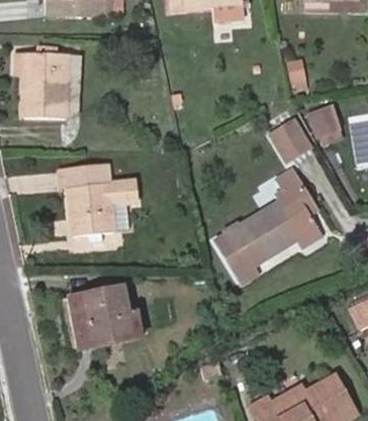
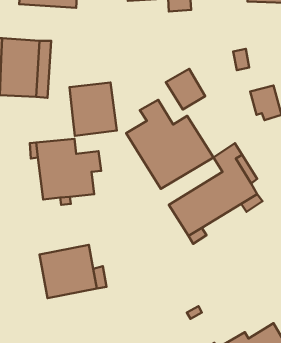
building: none -> [69,83,117,136]
building: [268,116,312,163] -> [166,69,205,110]
building: none -> [126,100,214,189]

